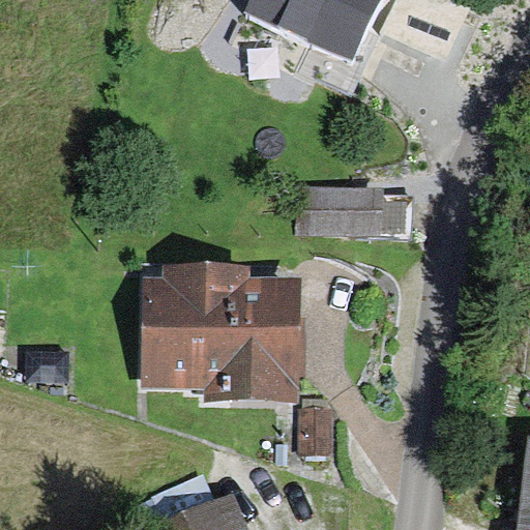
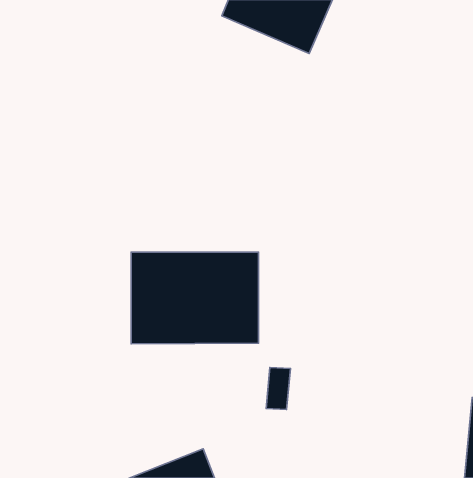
building: [308,190,396,236] -> none

